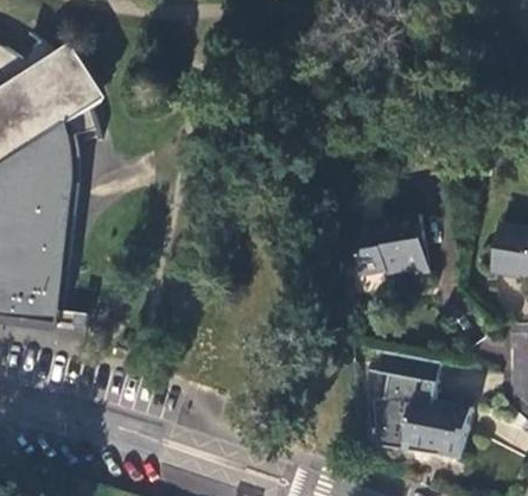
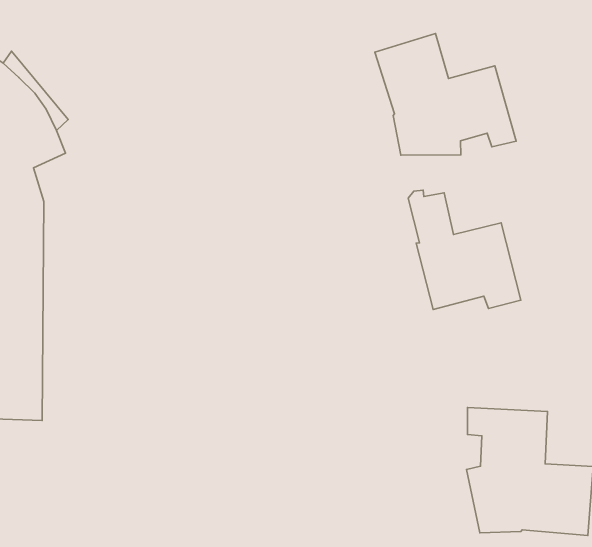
building: none -> [375,33,516,155]

